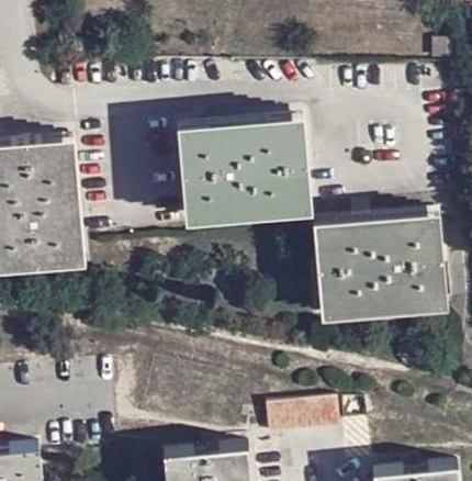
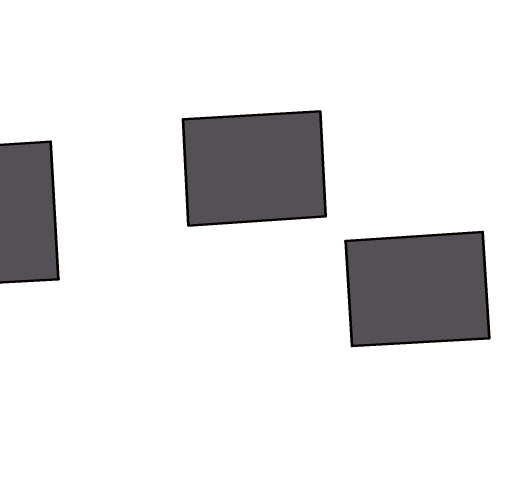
building: [268,395,341,432] -> none

